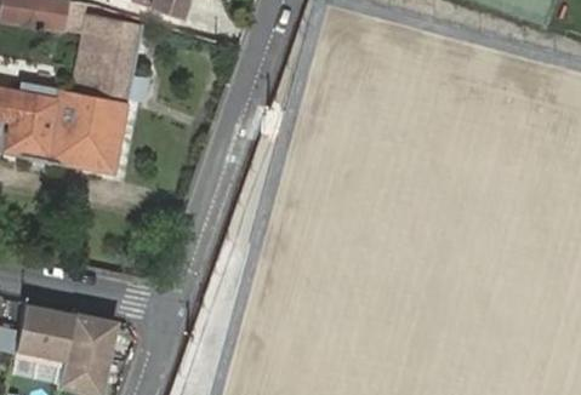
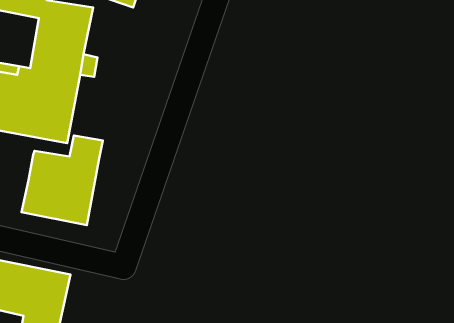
building: none -> [21,135,103,225]

